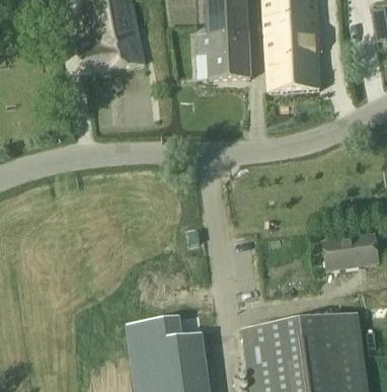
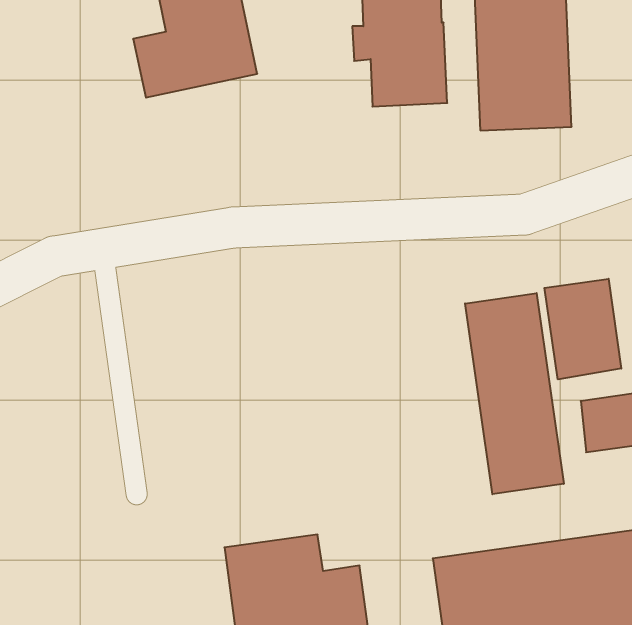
building: none -> [544,279,621,379]
building: none -> [465,293,564,494]

